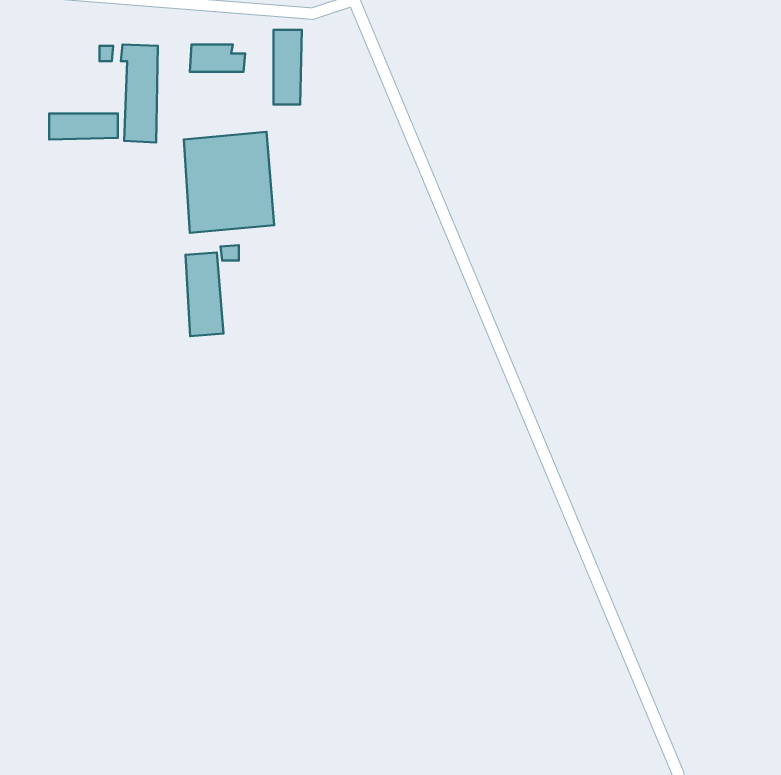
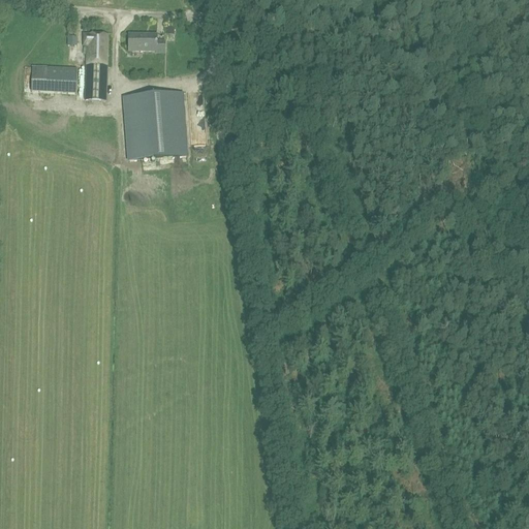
building: [273,30,302,104] -> none
building: [186,252,224,336] -> none

